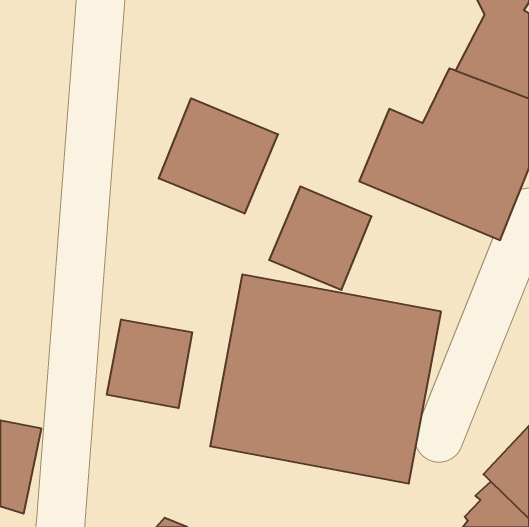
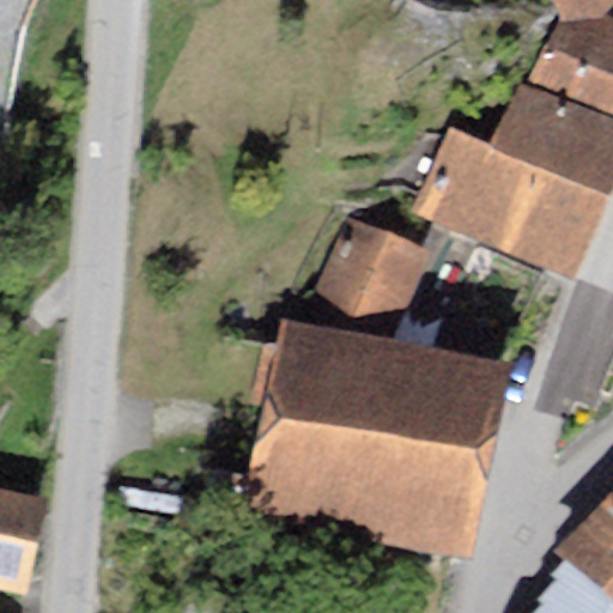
building: [159,98,278,214] -> none
building: [107,319,192,408] -> none

